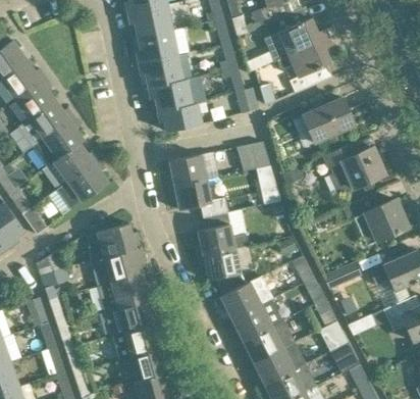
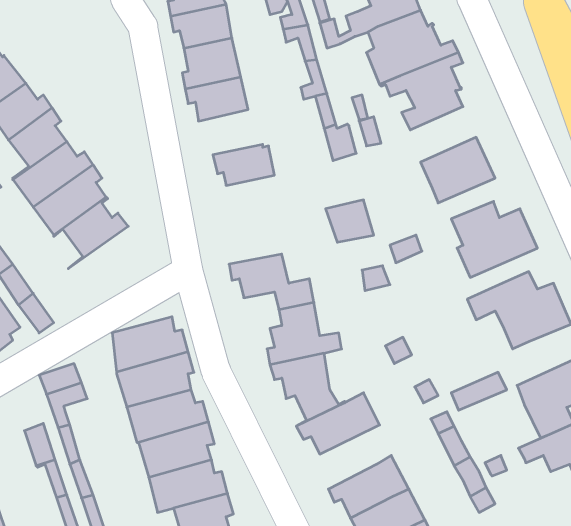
building: [148,78,193,109] -> none
building: [167,154,206,186] -> none
building: [57,159,109,209] -> none
building: [232,299,282,343] -> none

